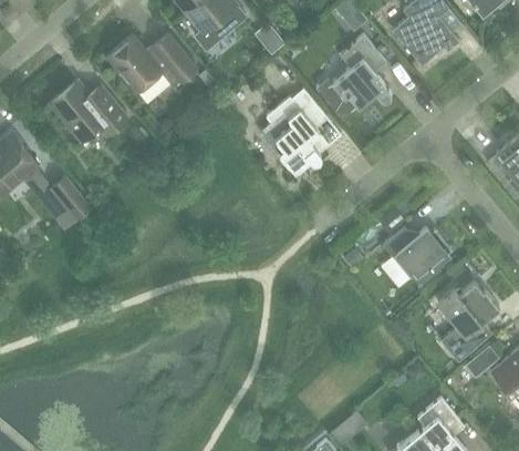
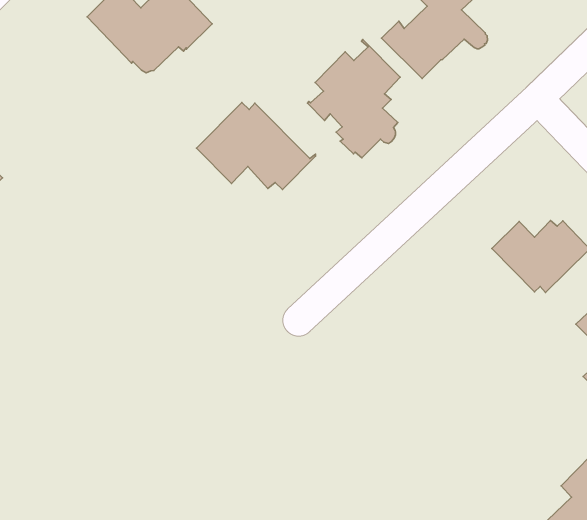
building: [51,81,128,142] -> none
building: none -> [196,103,315,189]
building: [51,177,91,219] -> none

